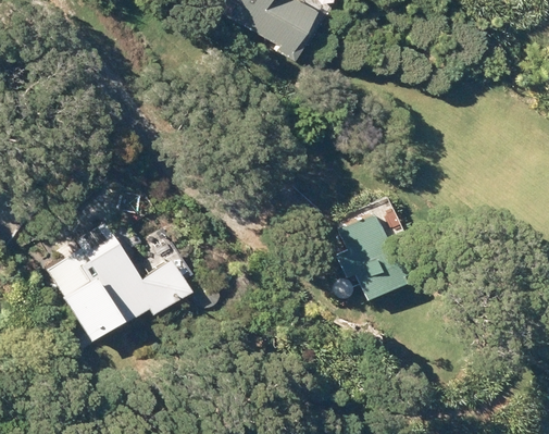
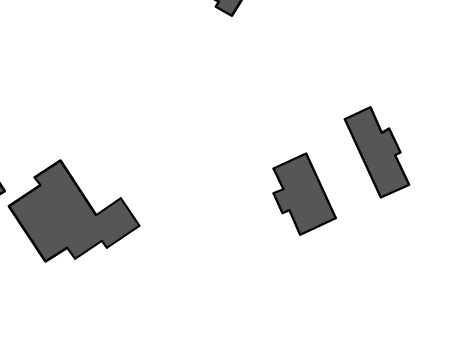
building: none -> [345,107,409,197]

